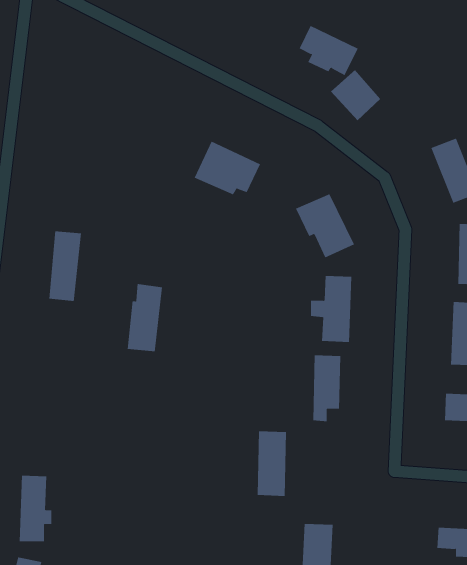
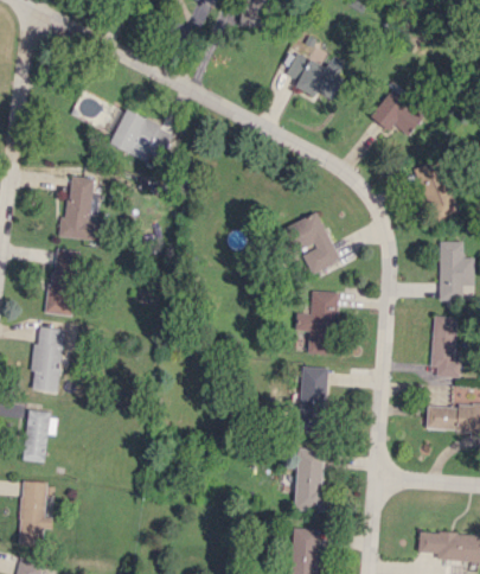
building: [330,69,381,121] -> [371,91,420,141]
building: [194,141,261,195] -> [109,109,173,161]
building: none -> [62,176,104,241]
building: [127,284,163,352] -> [30,326,64,391]
building: none -> [24,413,56,461]
building: [257,431,287,496] -> [295,448,324,511]

